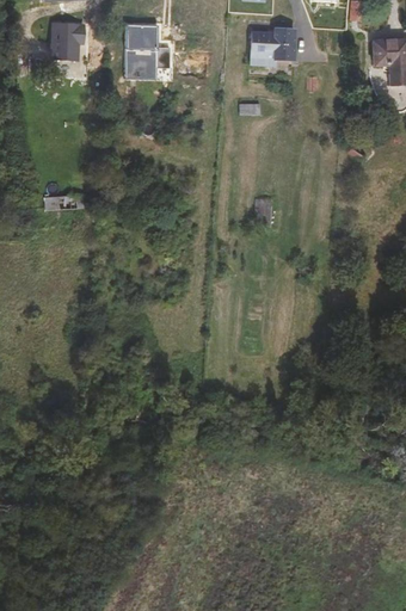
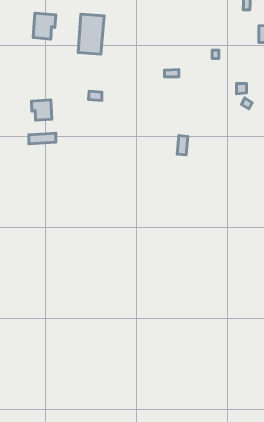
building: [251,27,295,60] -> none
building: none -> [32,100,52,120]

